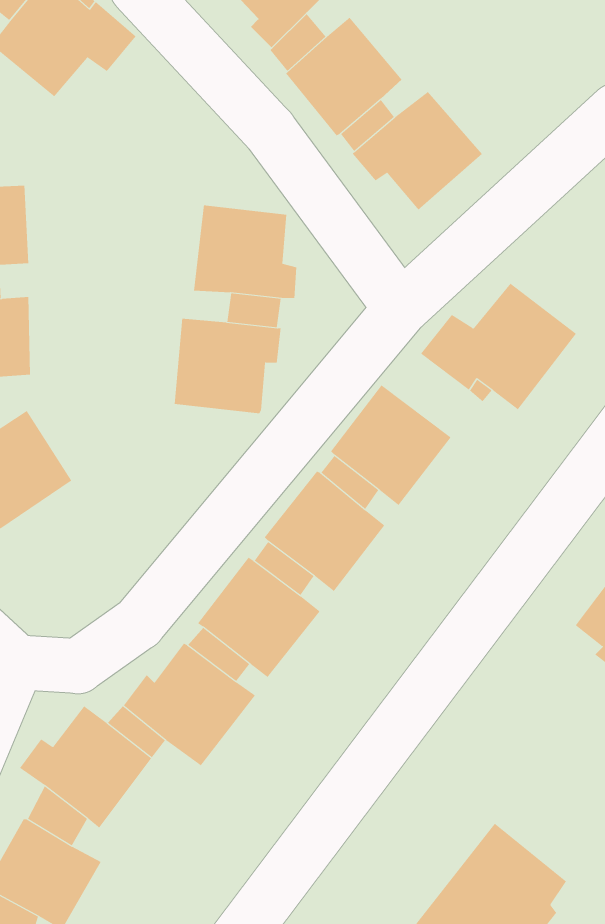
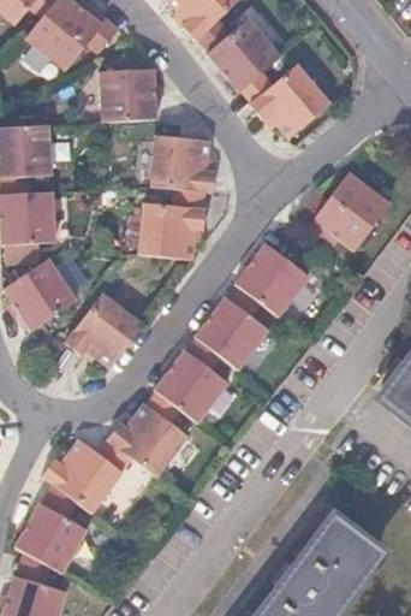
building: none -> [101,67,154,119]
building: none -> [62,292,142,367]

